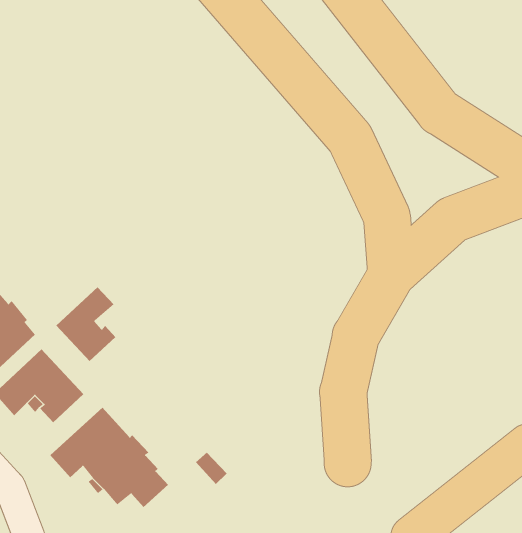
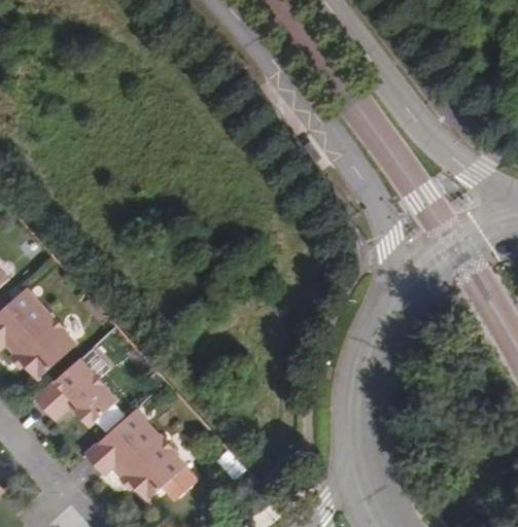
building: [56,287,116,362] -> none

